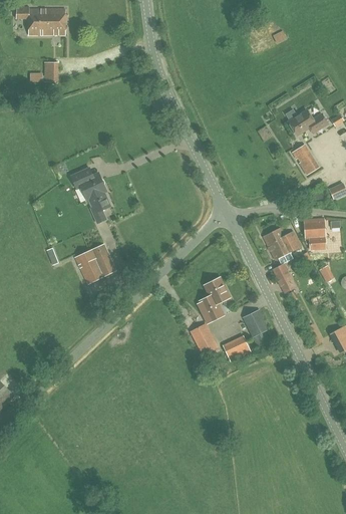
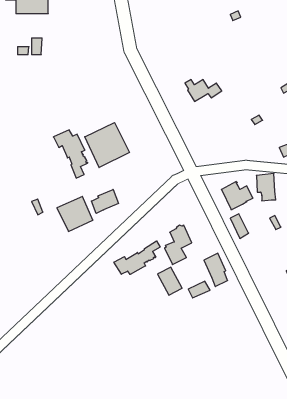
building: [285,109,327,135] -> [185,80,222,101]
building: none -> [85,123,129,168]
building: none -> [91,189,119,213]
building: none -> [114,241,160,274]

